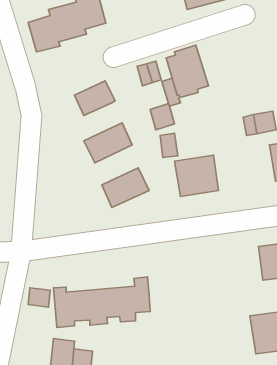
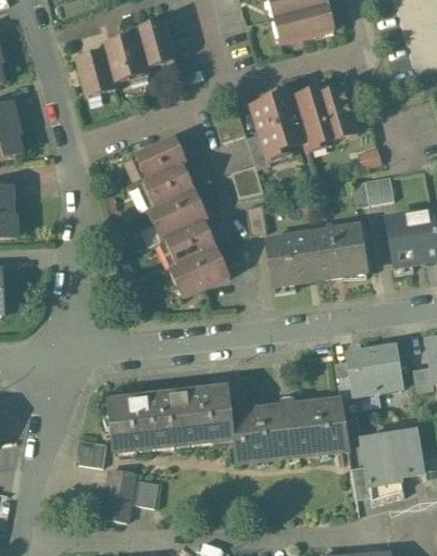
building: none -> [290,89,358,152]
building: none -> [143,164,196,208]
building: none -> [161,220,216,268]
building: none -> [313,224,366,277]
building: none -> [335,349,376,394]
building: none -> [230,399,346,460]
building: [28,288,50,307] -> [77,441,105,466]

